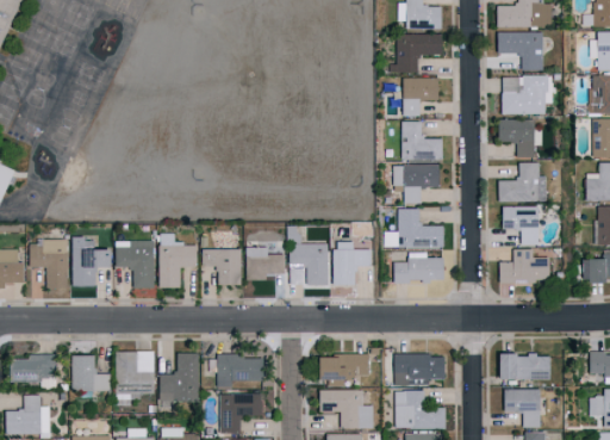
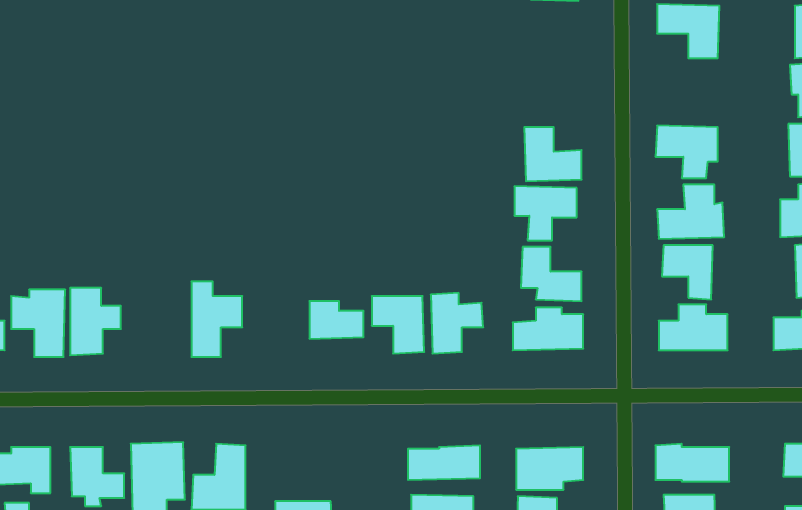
building: [391,35,442,73] -> none
building: [502,76,552,116] -> none
building: [403,78,438,117] -> none
building: [116,241,155,289] -> none
building: [203,249,241,285] -> none
building: [217,355,263,388] -> none

